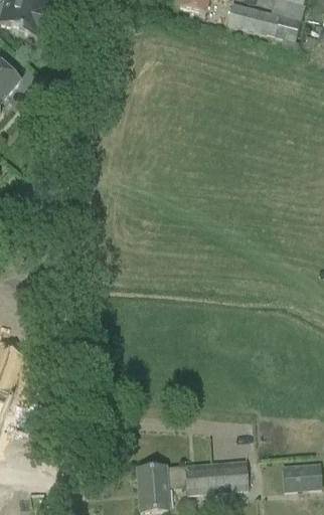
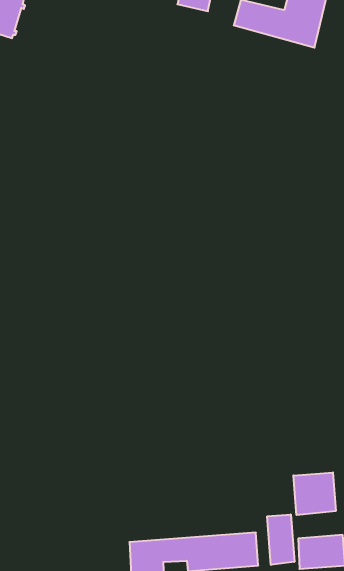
building: none -> [293,472,336,515]
building: none -> [267,514,294,565]

